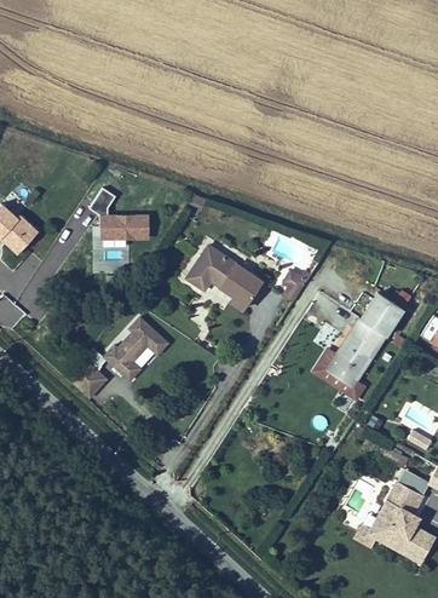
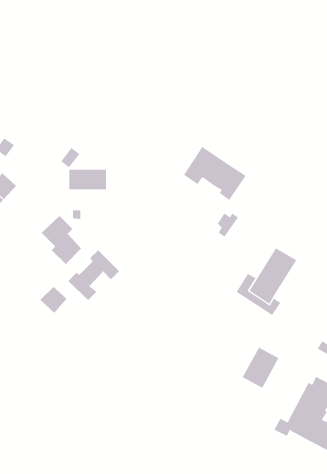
building: [188,247,265,314] -> [183,146,246,201]
building: none -> [41,215,82,265]
building: [358,291,397,329] -> none
building: none -> [242,347,279,389]

